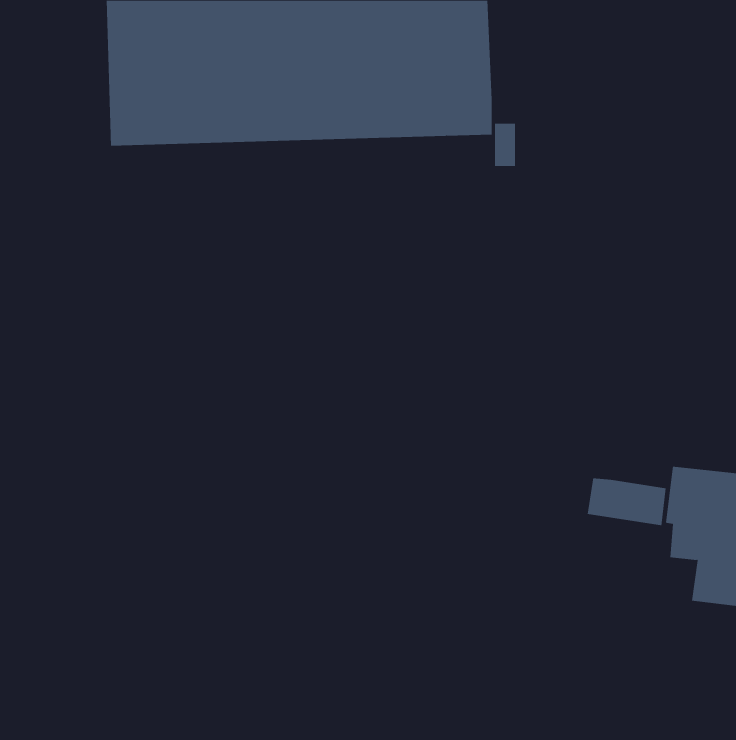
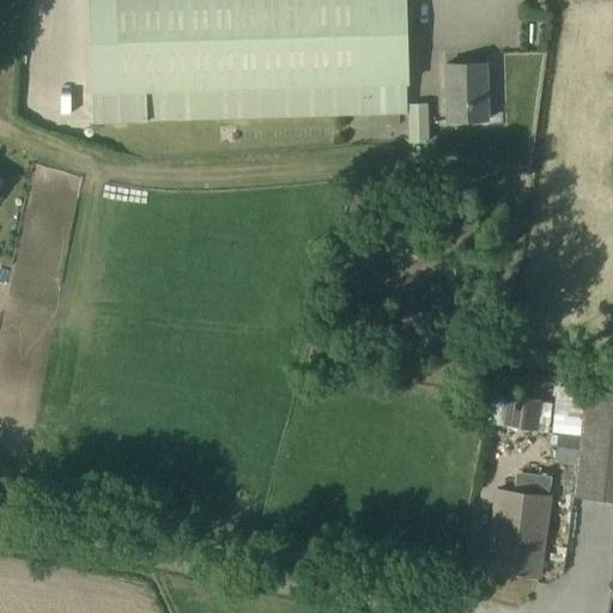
building: none -> [449,63,492,122]
building: none -> [488,472,554,578]

